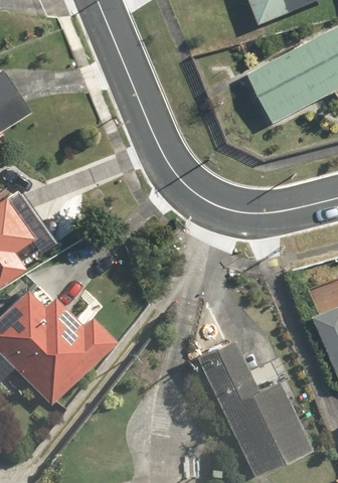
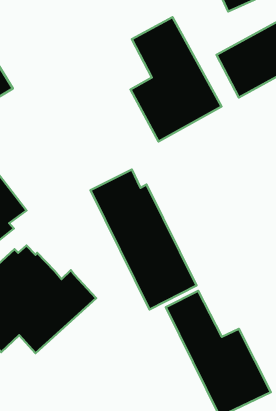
building: none -> [130,17,221,141]
building: none -> [91,169,197,310]

